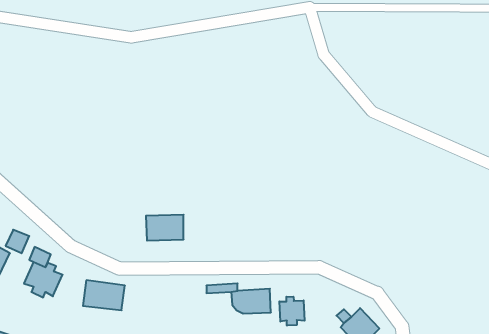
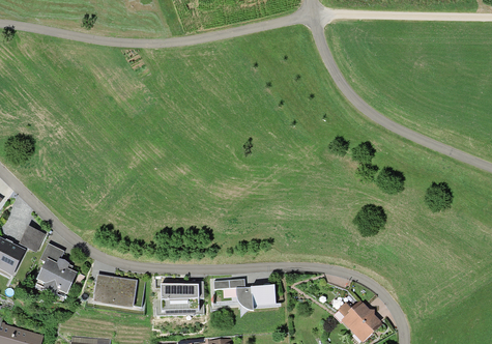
building: [146,215,184,241] -> [163,283,199,308]
building: [279,297,305,326] -> none

